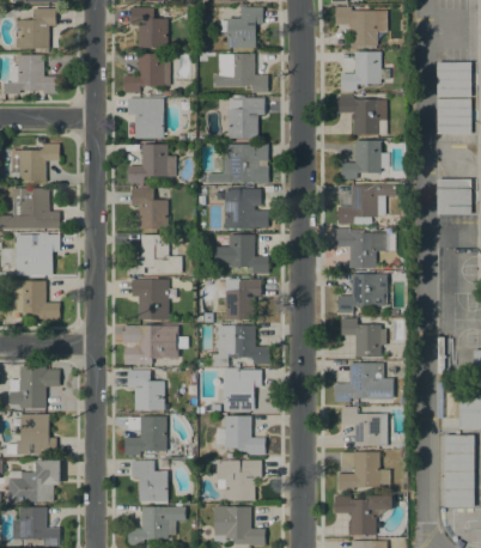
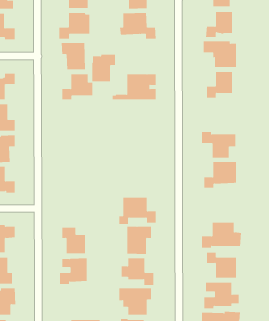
building: [229,97,264,138] -> [92,54,116,82]
building: [336,183,396,225] -> none
building: [132,188,168,229] -> none
building: [224,188,268,229] -> none
building: [128,235,181,273] -> none
building: [214,235,268,273] -> none
building: [132,279,169,319] -> none
building: [225,279,262,319] -> none
building: [341,317,385,357] -> none
building: [123,324,178,364] -> none
building: [132,459,168,500] -> none

